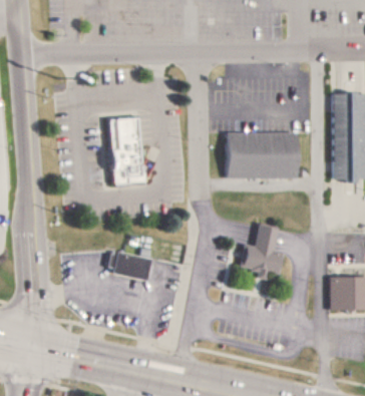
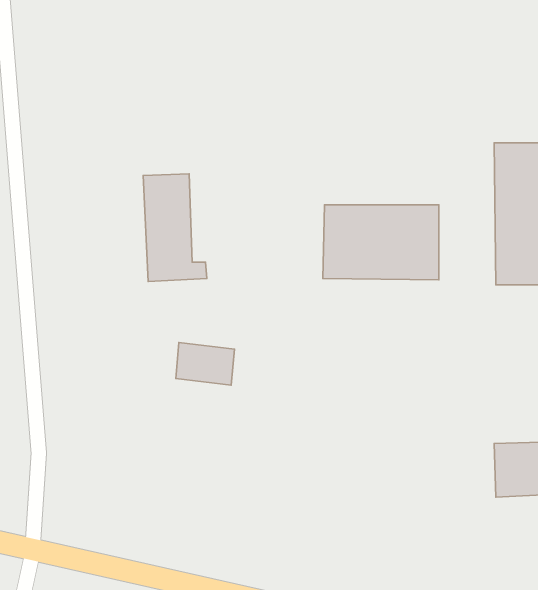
building: [244,223,287,277] -> none
building: [116,251,152,277] -> [176,343,234,385]

